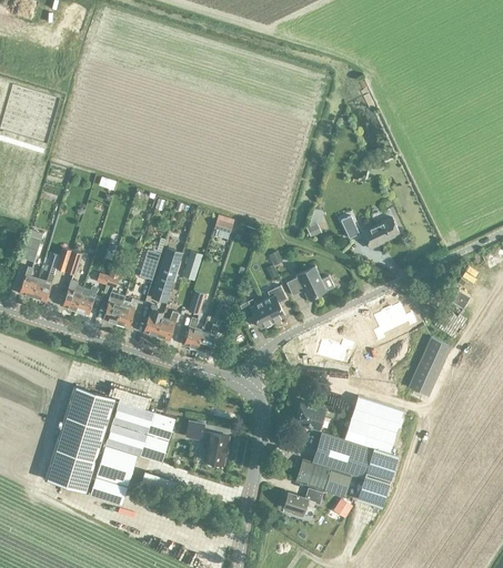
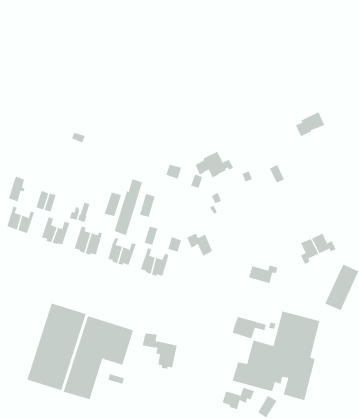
building: [363,217,400,248] -> [295,112,325,137]
building: [286,266,334,300] -> [195,151,234,178]
building: [263,286,286,322] -> none

